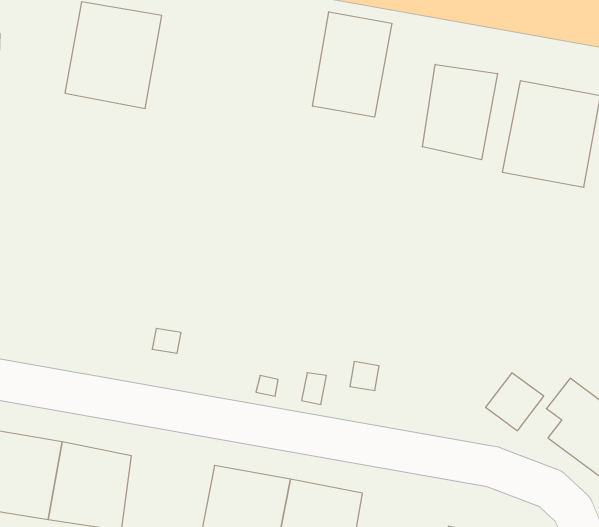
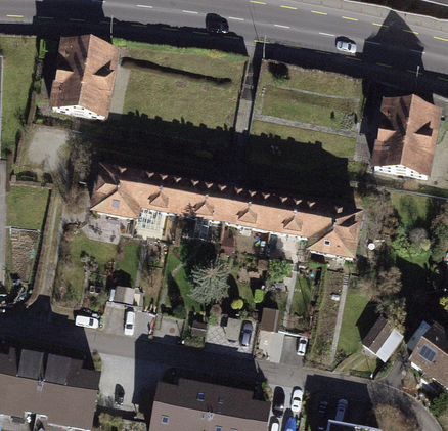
building: [313,12,392,117] -> none
building: [423,64,498,160] -> none
building: none -> [90,160,364,255]

